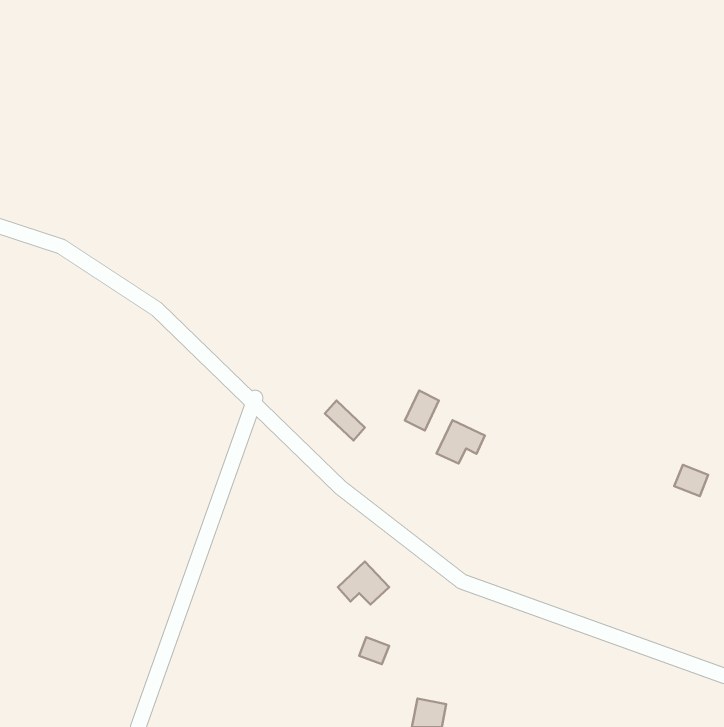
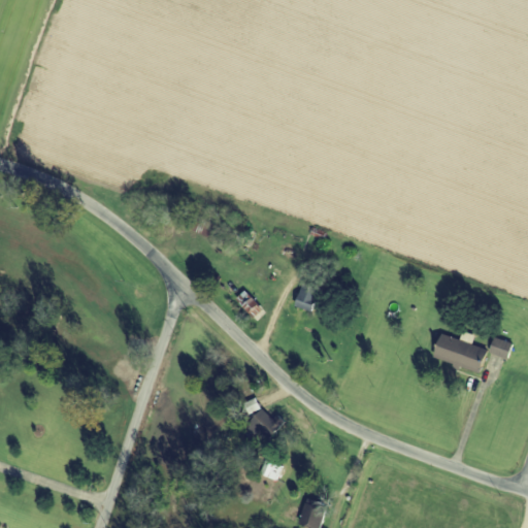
building: [437,420,485,463] -> none
building: none -> [431,332,486,373]

